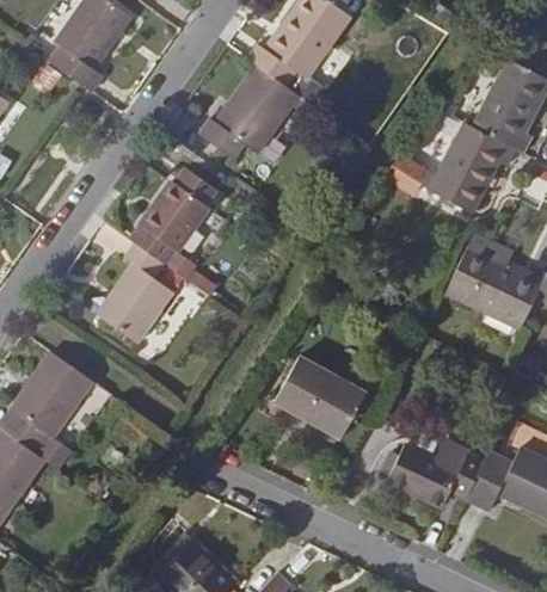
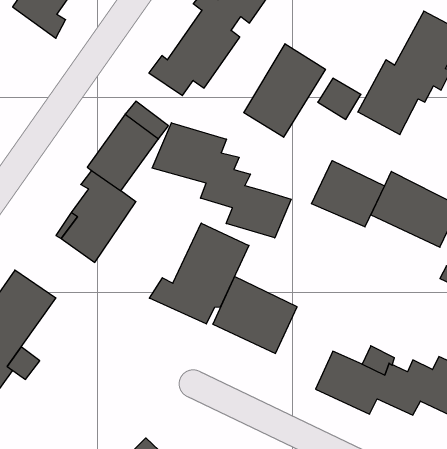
building: none -> [244,44,325,137]
building: none -> [152,123,291,238]
building: none -> [312,161,384,227]
building: none -> [149,223,249,324]

